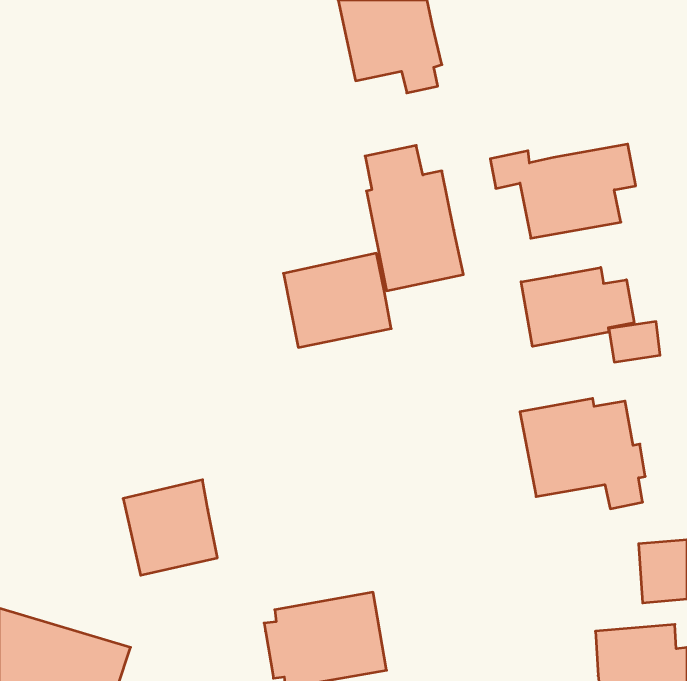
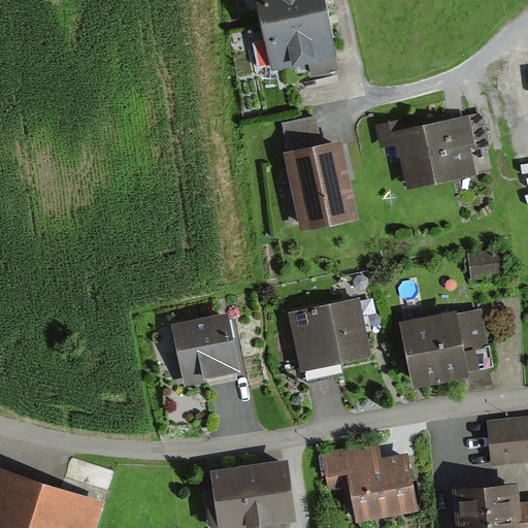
building: [283,253,391,347] -> [288,297,370,369]
building: [521,267,634,346] -> none
building: [123,480,217,575] -> [170,312,242,386]
building: none -> [321,444,418,522]

